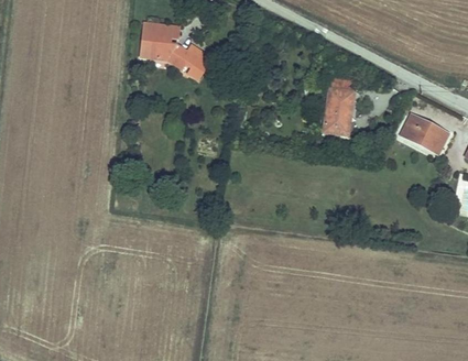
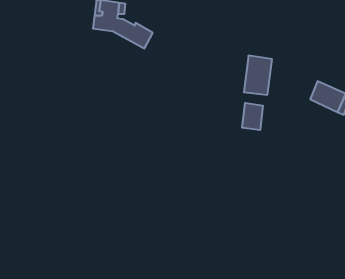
building: none -> [242,103,263,130]

